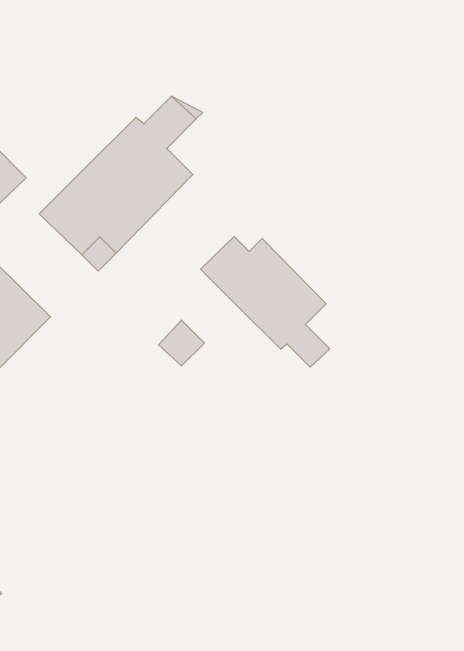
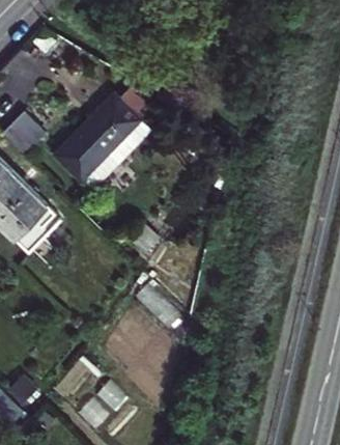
building: [201,237,330,367] -> none

